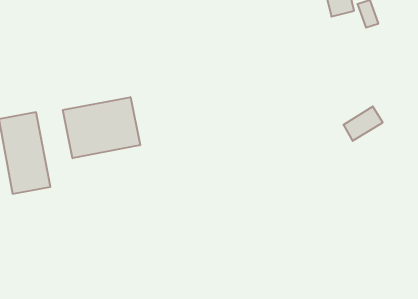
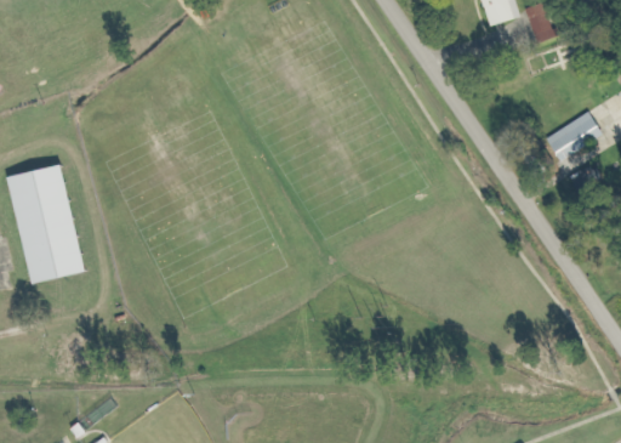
building: [63,97,140,158] -> none
building: [343,106,383,141] -> [546,112,603,161]

